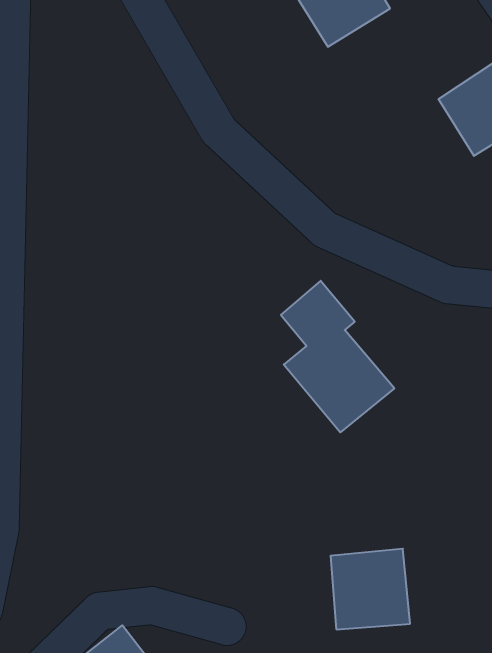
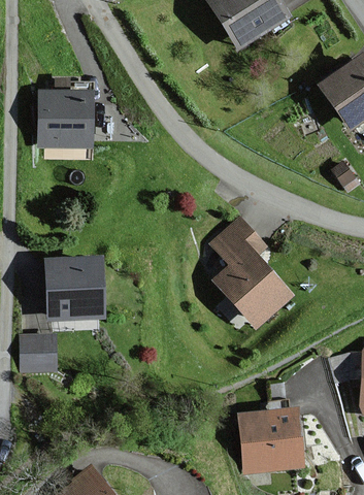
building: none -> [40,94,92,144]
building: none -> [47,261,102,318]
building: none -> [21,336,53,370]

